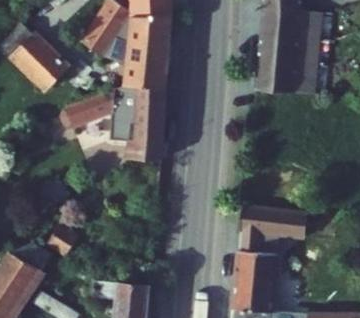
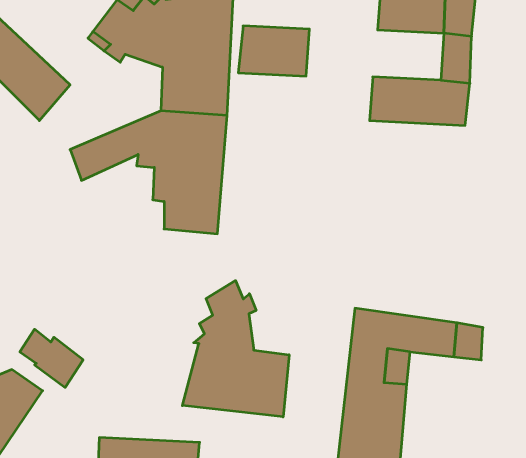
building: [255,35,299,66] -> [238,26,309,76]
building: none -> [182,281,289,417]

